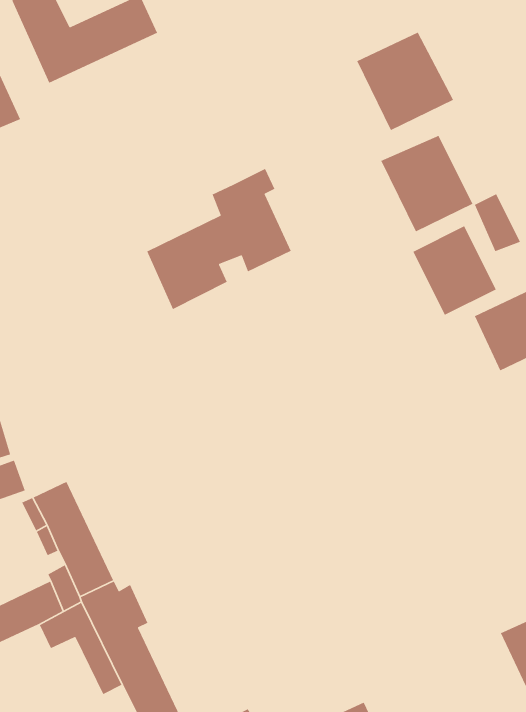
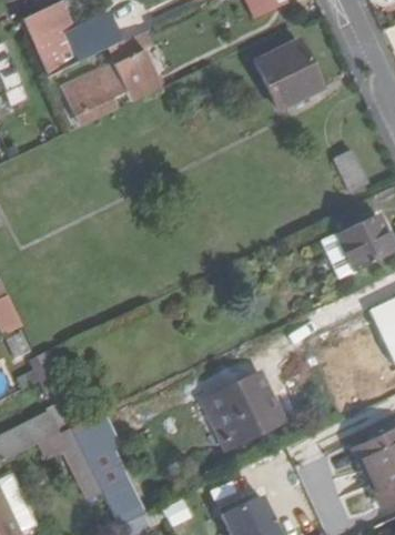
building: [380,135,473,233] -> none
building: [146,168,292,310] -> [62,30,161,127]
building: [412,225,497,316] -> none
building: none -> [201,370,283,450]

